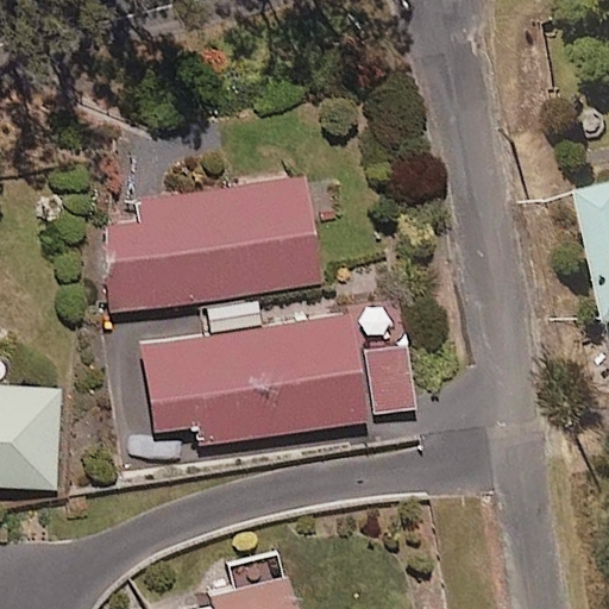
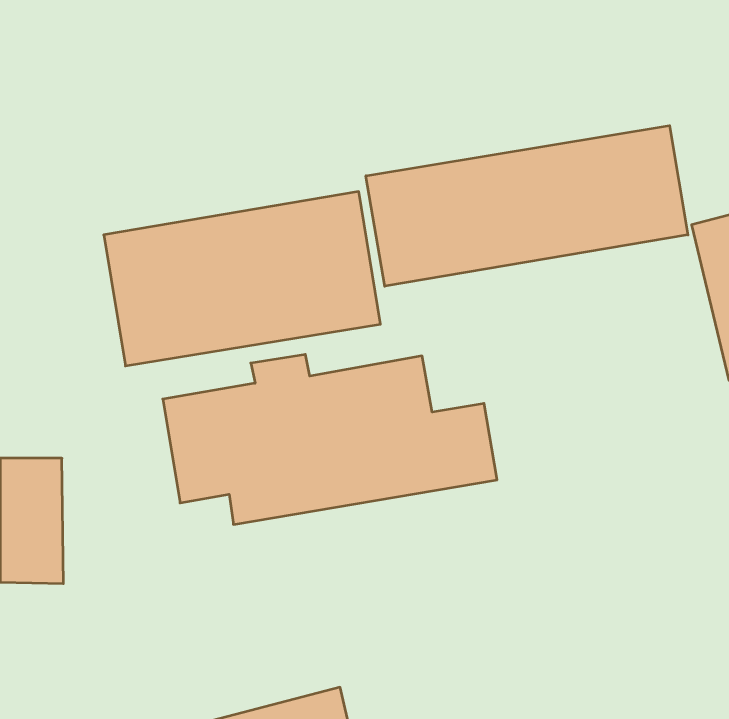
building: none -> [366,126,688,286]

